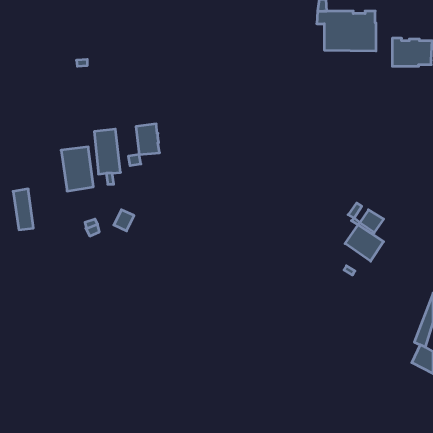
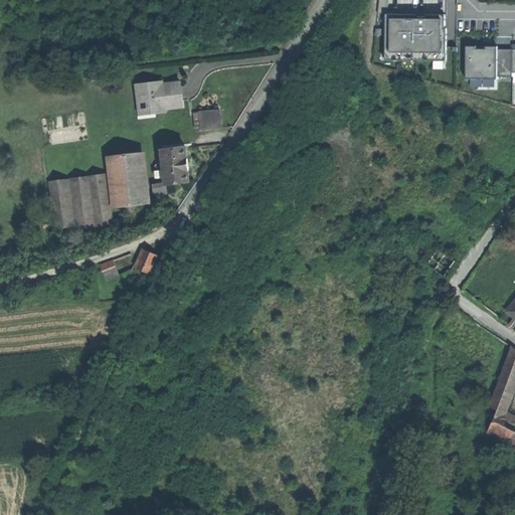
building: none -> [137,81,183,112]
building: none -> [194,110,221,129]
building: [13,189,33,230] -> [49,178,73,226]
building: [345,225,384,261] -> none

